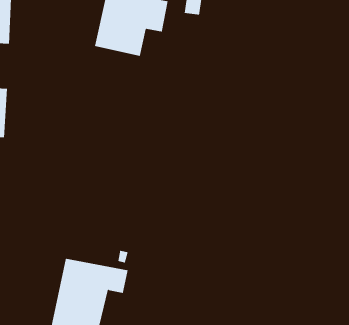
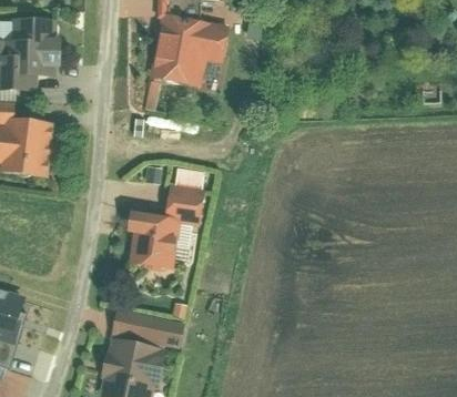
building: none -> [125,165,209,271]

